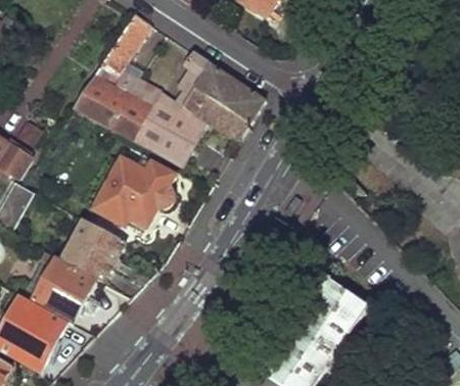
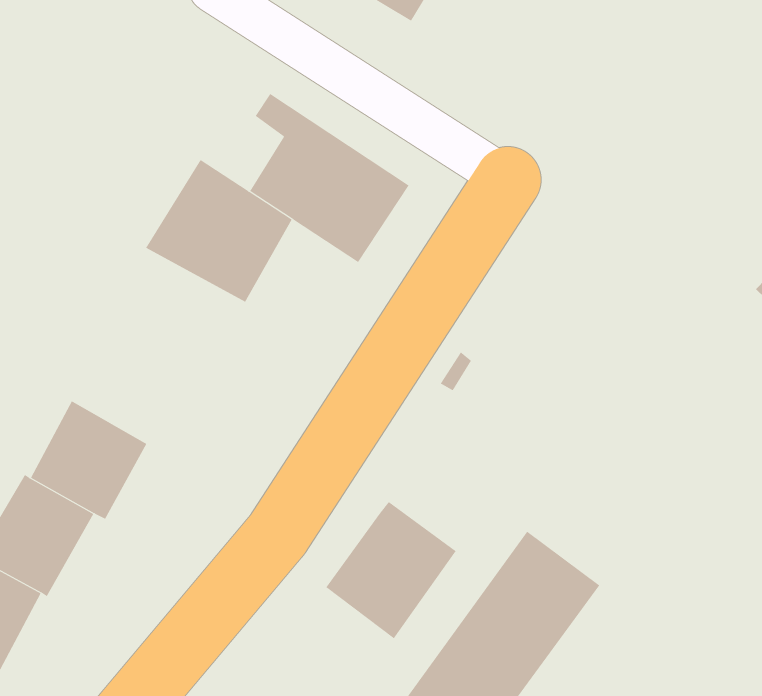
building: [71,14,153,135] -> none
building: [94,156,175,225] -> none
building: none -> [325,501,457,639]

